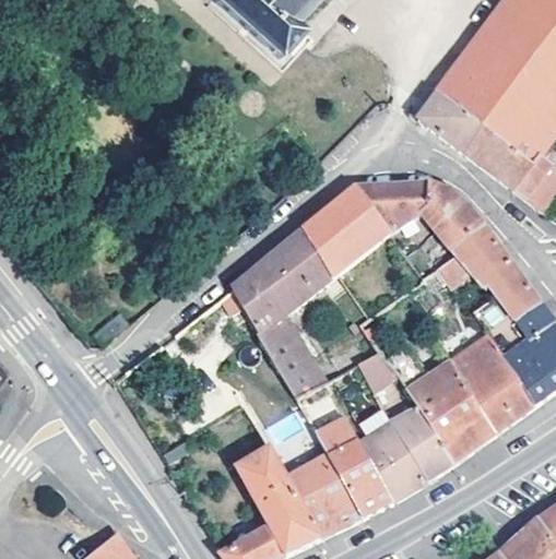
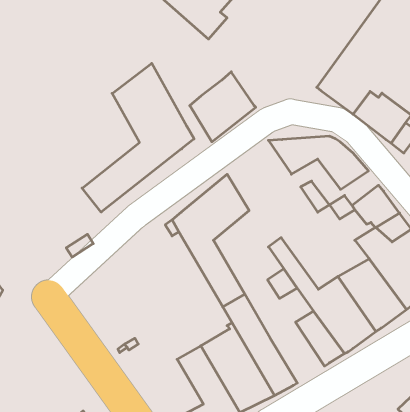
building: none -> [82,63,194,212]
building: [303,186,388,276] -> [190,72,256,142]
building: [449,225,498,270] -> none
building: [358,407,428,499] -> none

